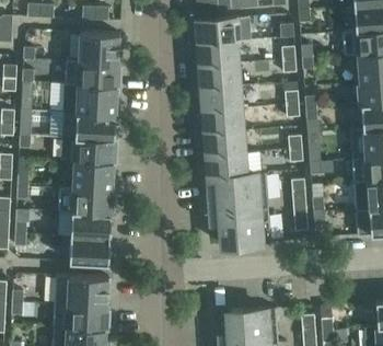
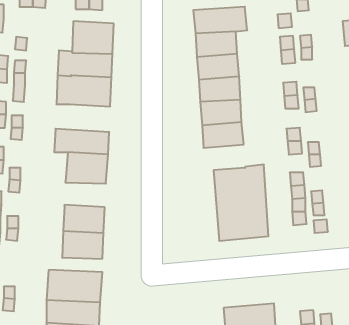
building: [61,114,115,141] -> none
building: [206,153,246,180] -> none
building: [57,188,111,215] -> none

